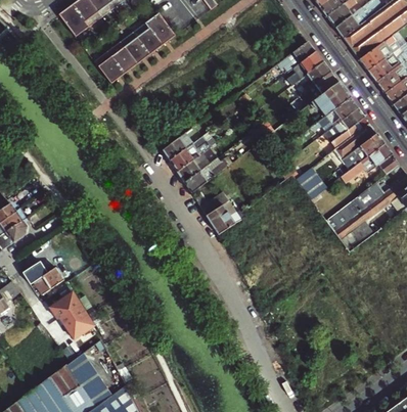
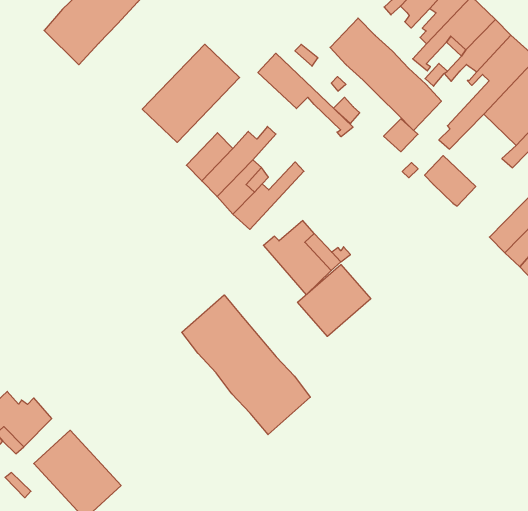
building: none -> [330,18,441,130]
building: none -> [142,44,240,142]
building: none -> [258,53,353,137]
building: none -> [298,265,371,336]
building: none -> [182,295,310,435]

